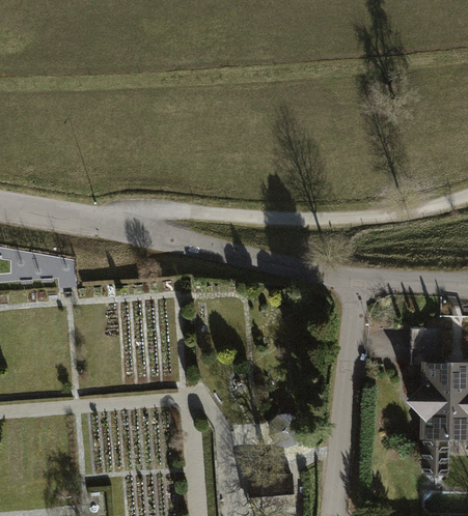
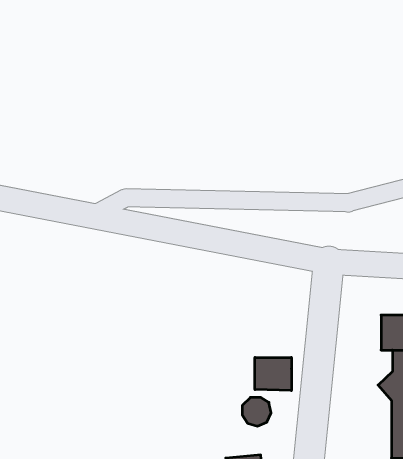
building: none -> [255,357,291,391]

